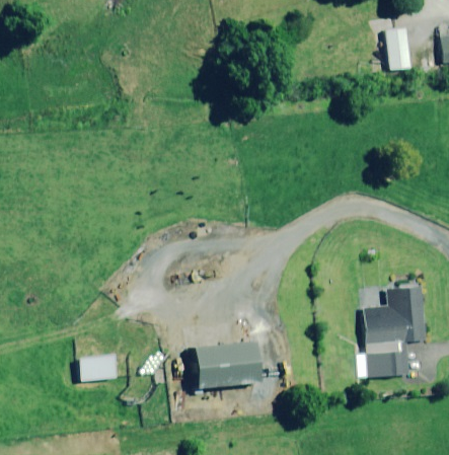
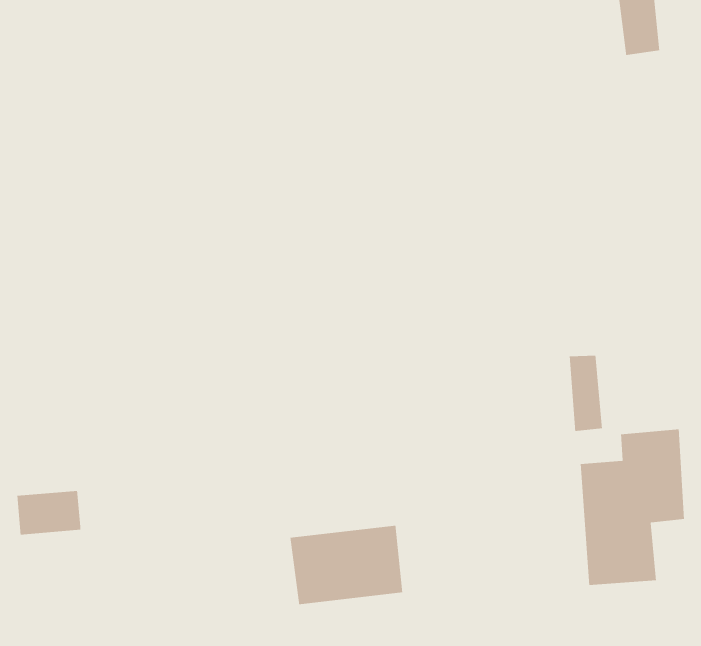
building: none -> [569,355,603,432]
building: [79,355,117,381] -> [16,490,81,536]

